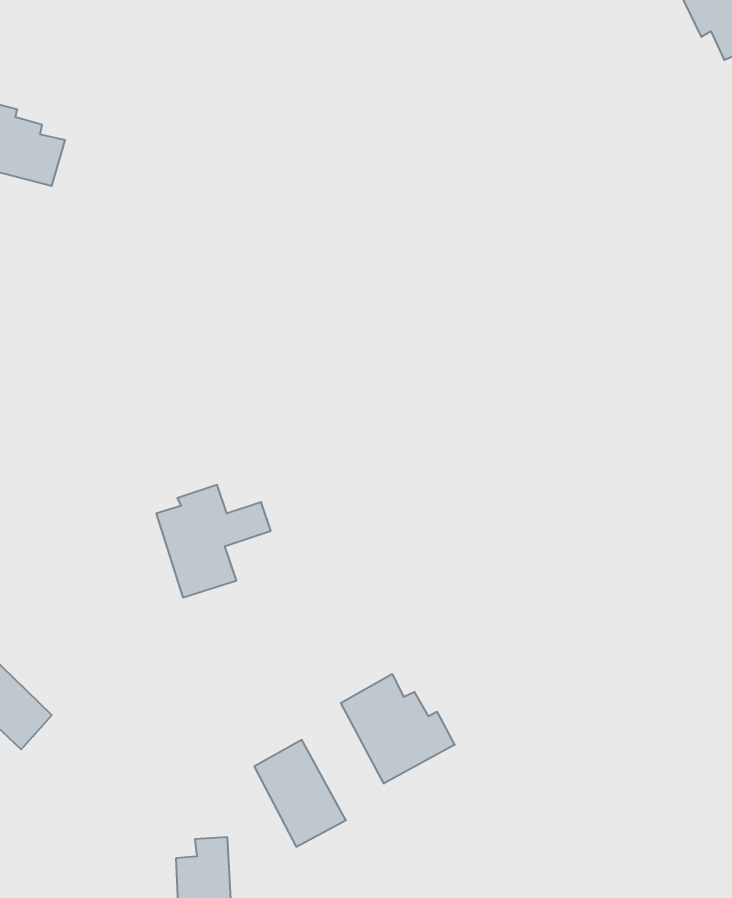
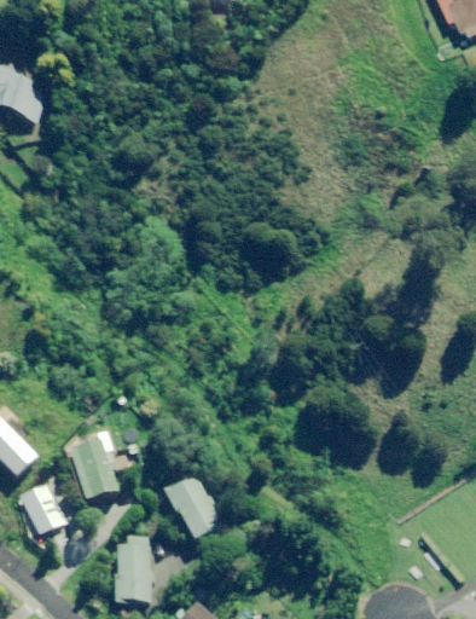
building: [156,485,271,598] -> [69,432,141,503]
building: [341,674,455,784] -> none
building: none -> [22,484,66,536]

